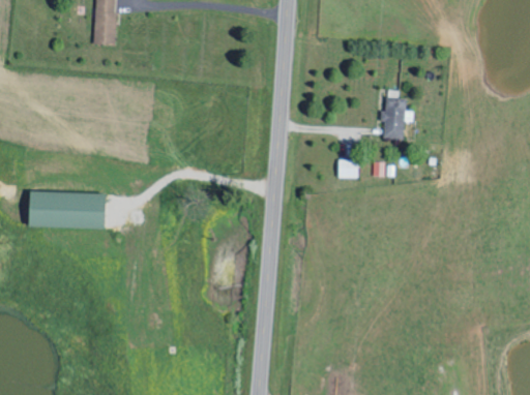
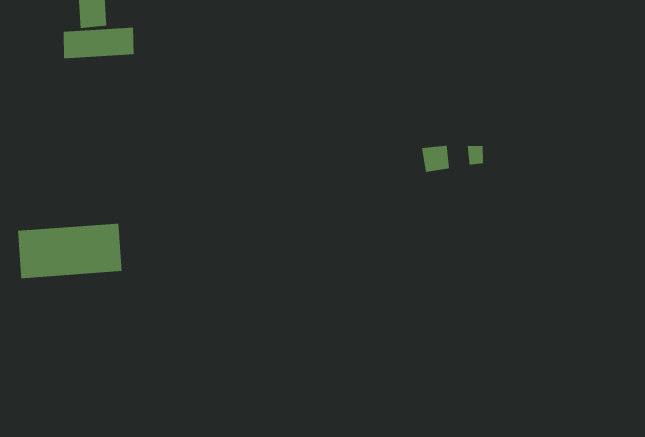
building: none -> [63,27,134,59]
building: [380,97,413,140] -> none

